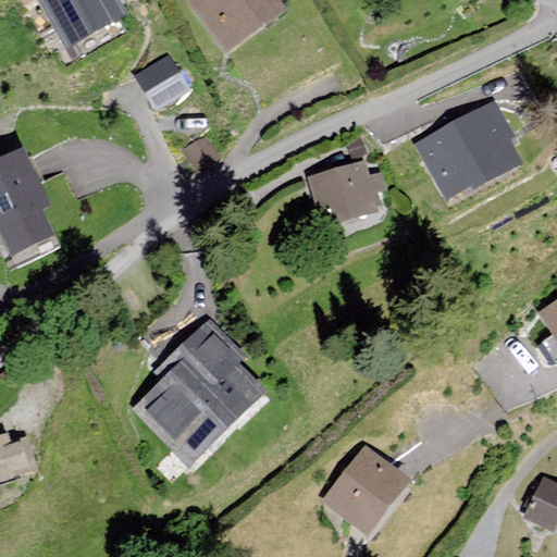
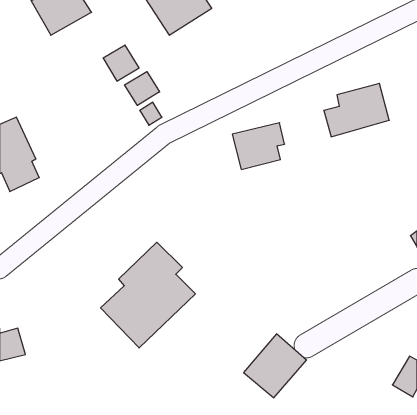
building: none -> [125,72,160,105]

